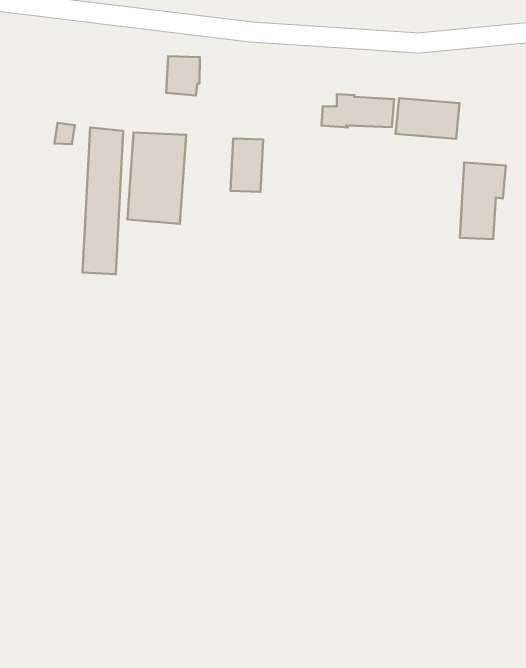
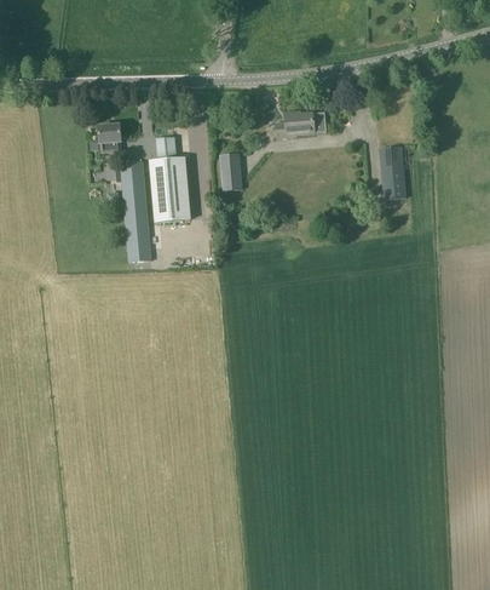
building: [166,56,200,95] -> [97,122,121,150]
building: [396,98,460,139] -> none

